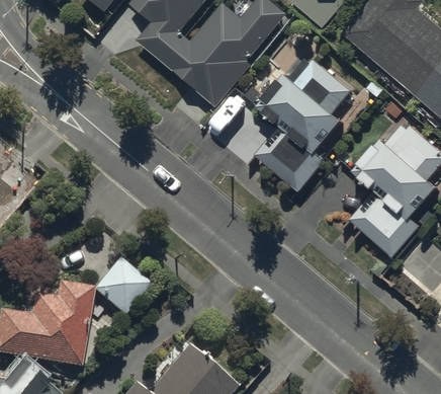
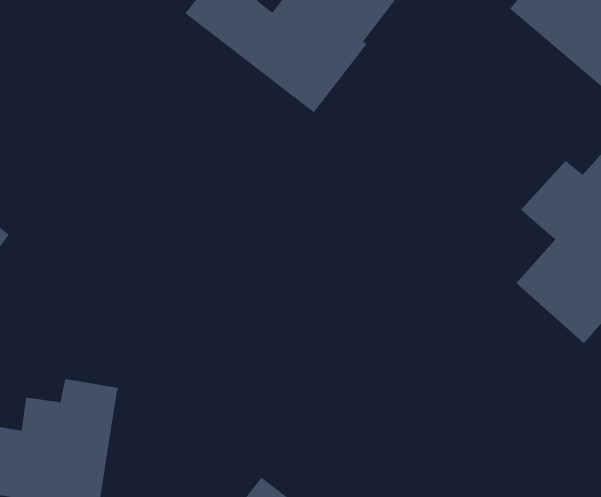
building: [255,57,353,191] -> none
building: [93,255,151,313] -> none

